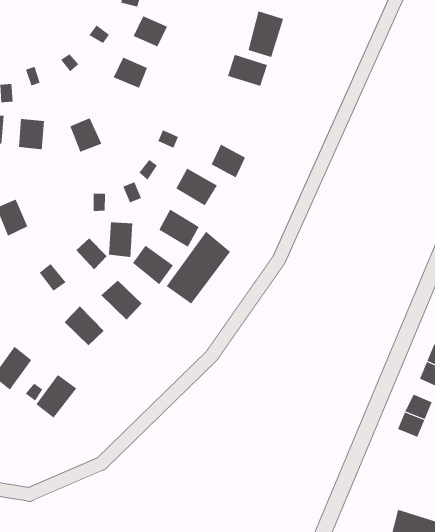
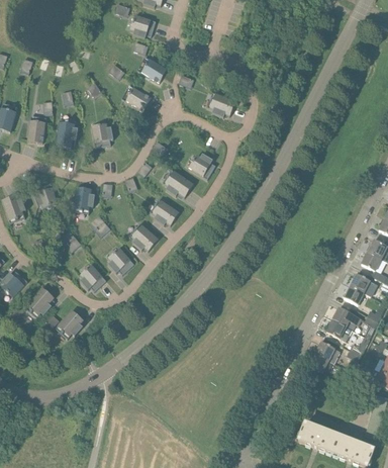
building: [248,10,284,58] -> none
building: [108,222,133,257] -> [73,186,92,212]
building: [166,231,231,305] -> none

